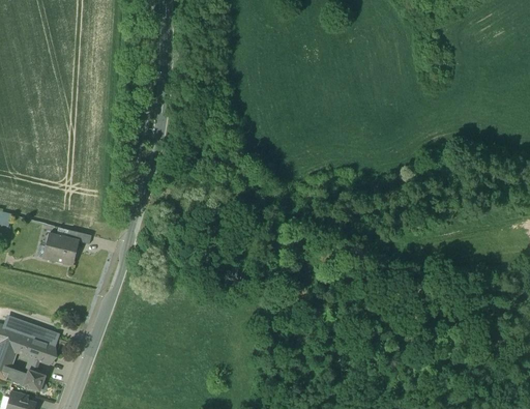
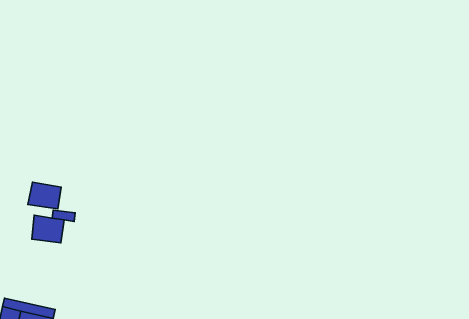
building: none -> [28,182,61,209]

